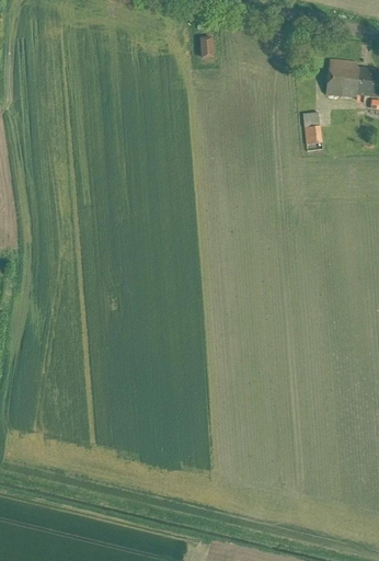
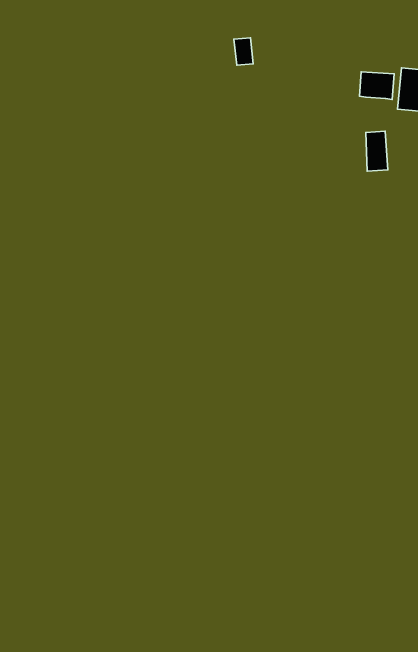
building: none -> [359,72,394,99]

